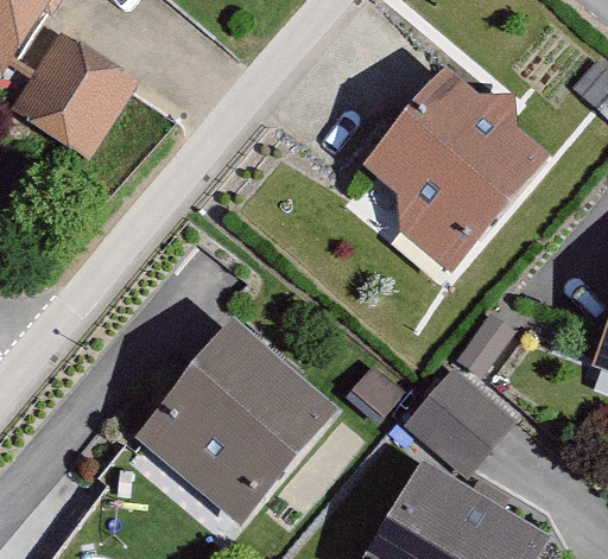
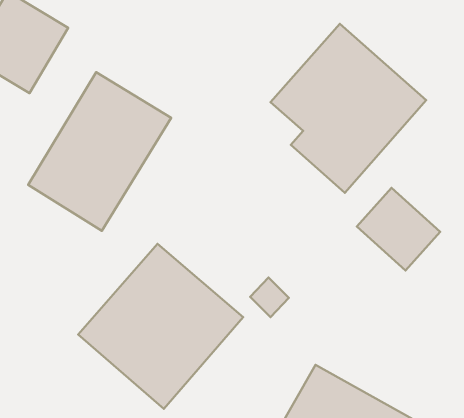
building: none -> [28,72,171,231]
building: [403,370,500,466] -> [357,188,440,270]

